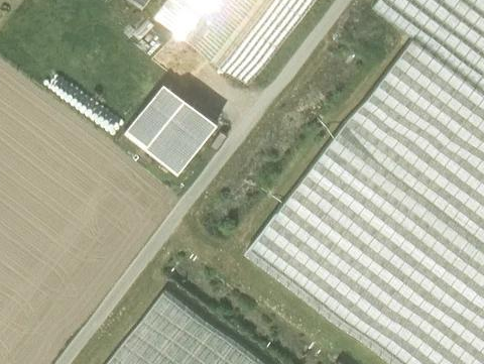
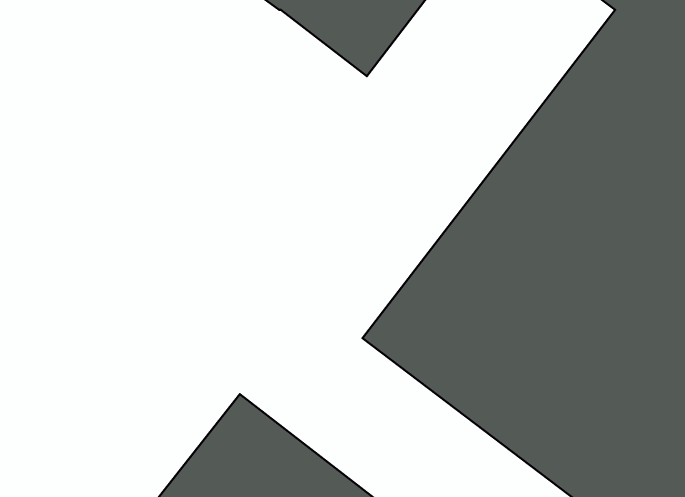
building: [125,80,219,173] -> none

